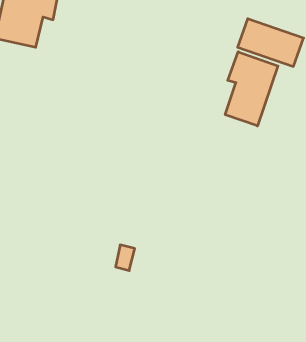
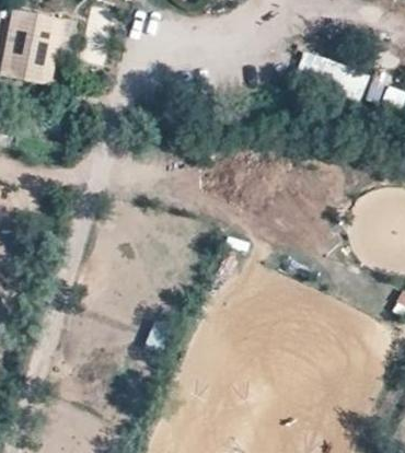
building: [225,52,278,126] -> none

